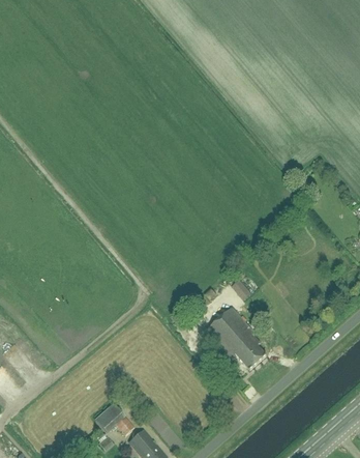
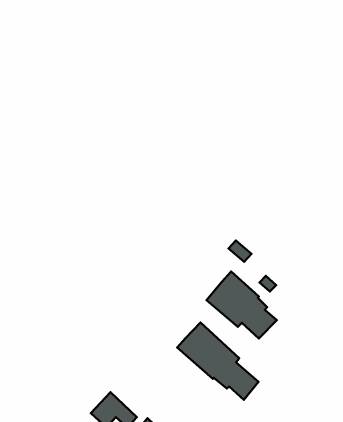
building: none -> [177,323,258,400]

